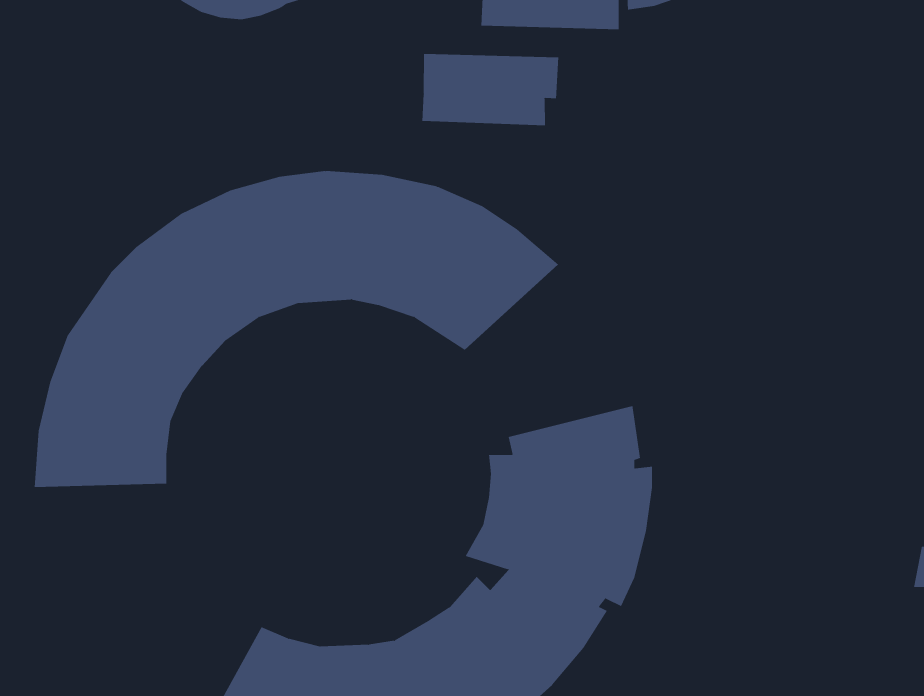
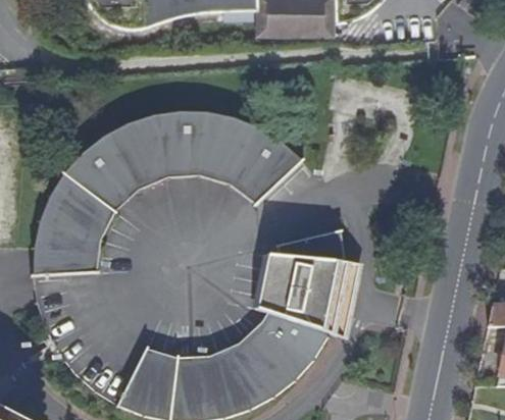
building: [422,53,559,126] -> none

